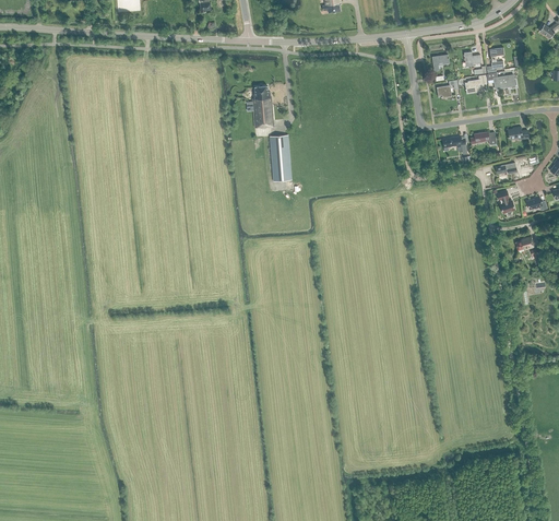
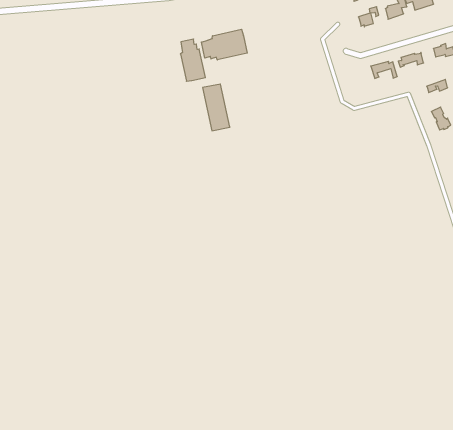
building: none -> [201,29,247,60]

